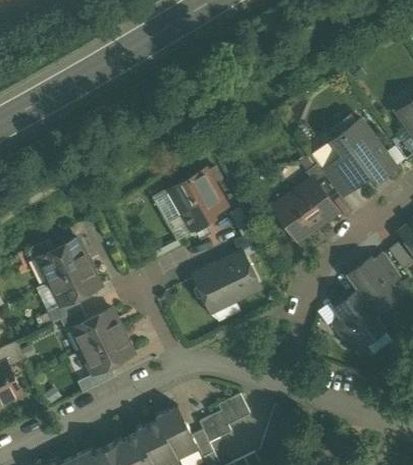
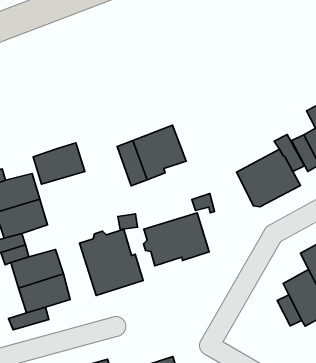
building: none -> [33,143,85,184]
building: none -> [80,229,143,295]

